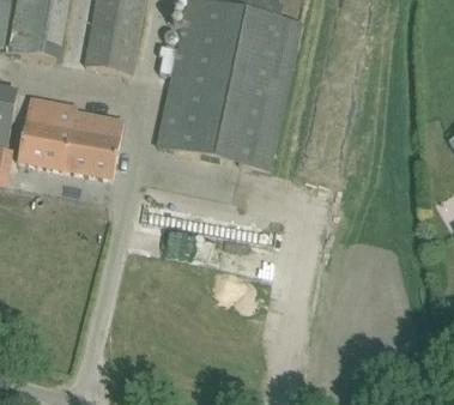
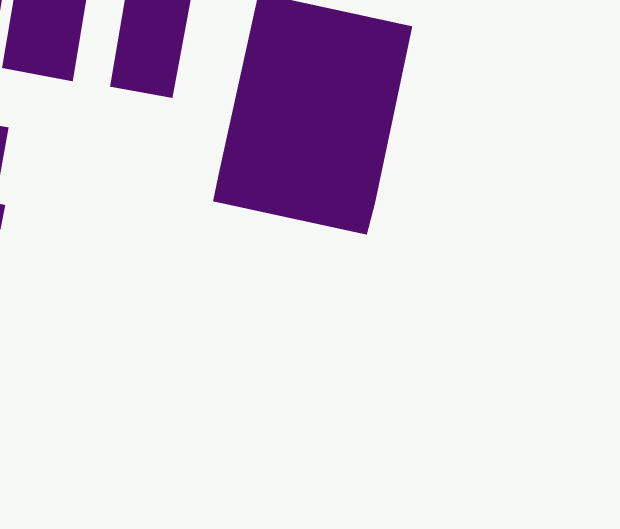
building: [17,92,123,176] -> none

